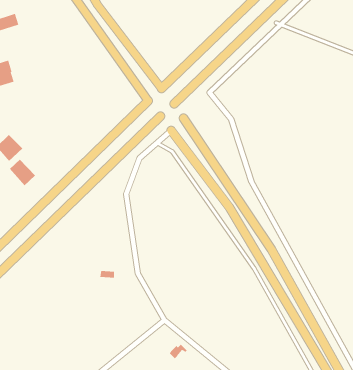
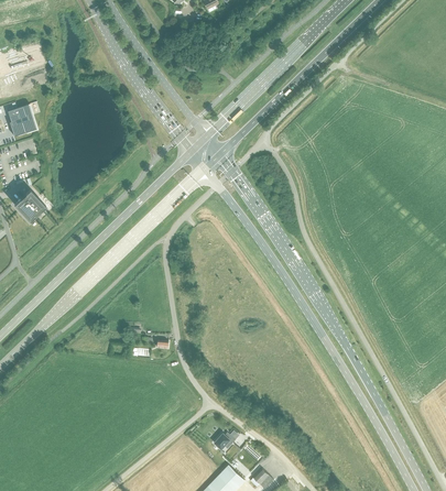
building: [9,159,36,186] -> none

